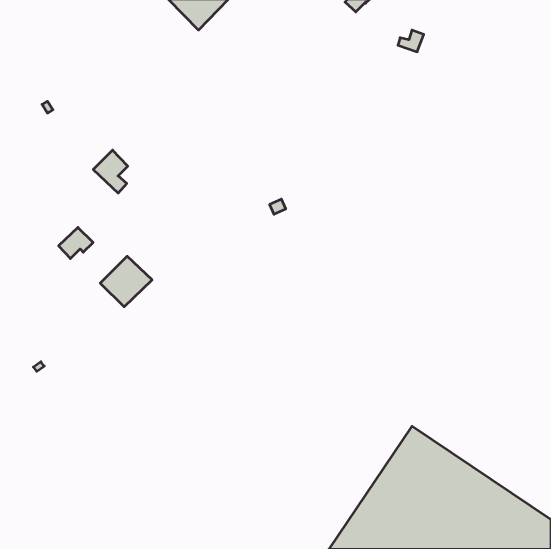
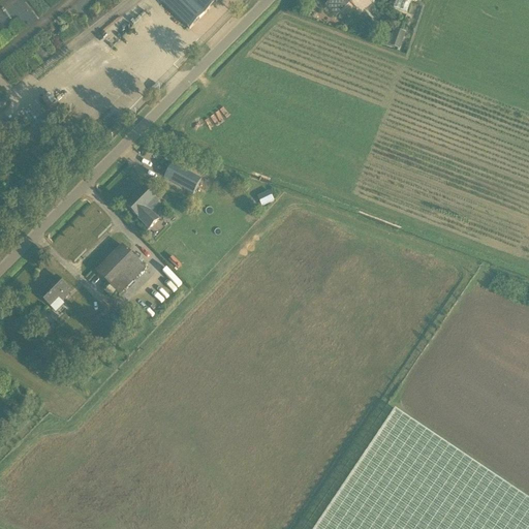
building: [93,150,128,193] -> [126,187,159,228]
building: none -> [164,163,201,194]
building: [59,227,93,259] -> [38,277,71,307]

